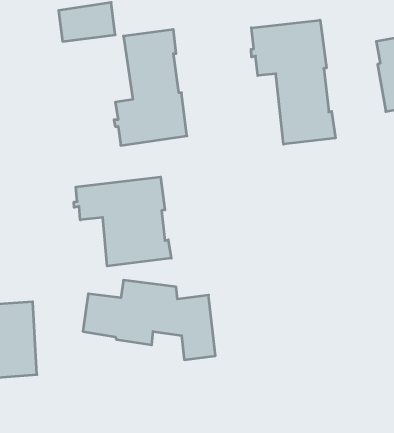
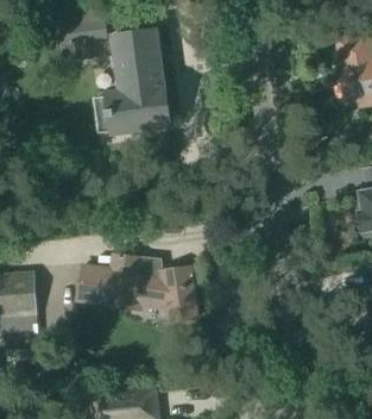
building: [251,20,335,144] -> none
building: [74,177,171,266] -> none

